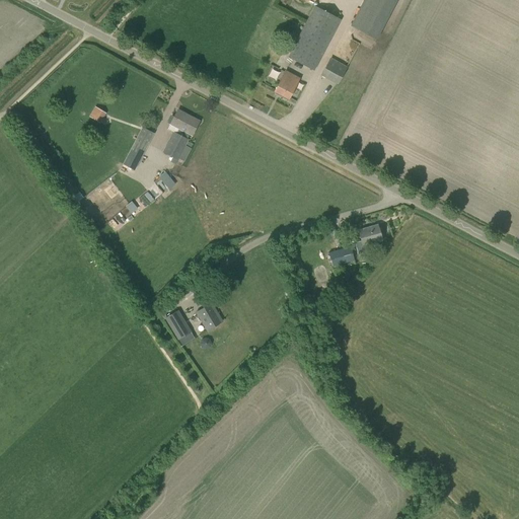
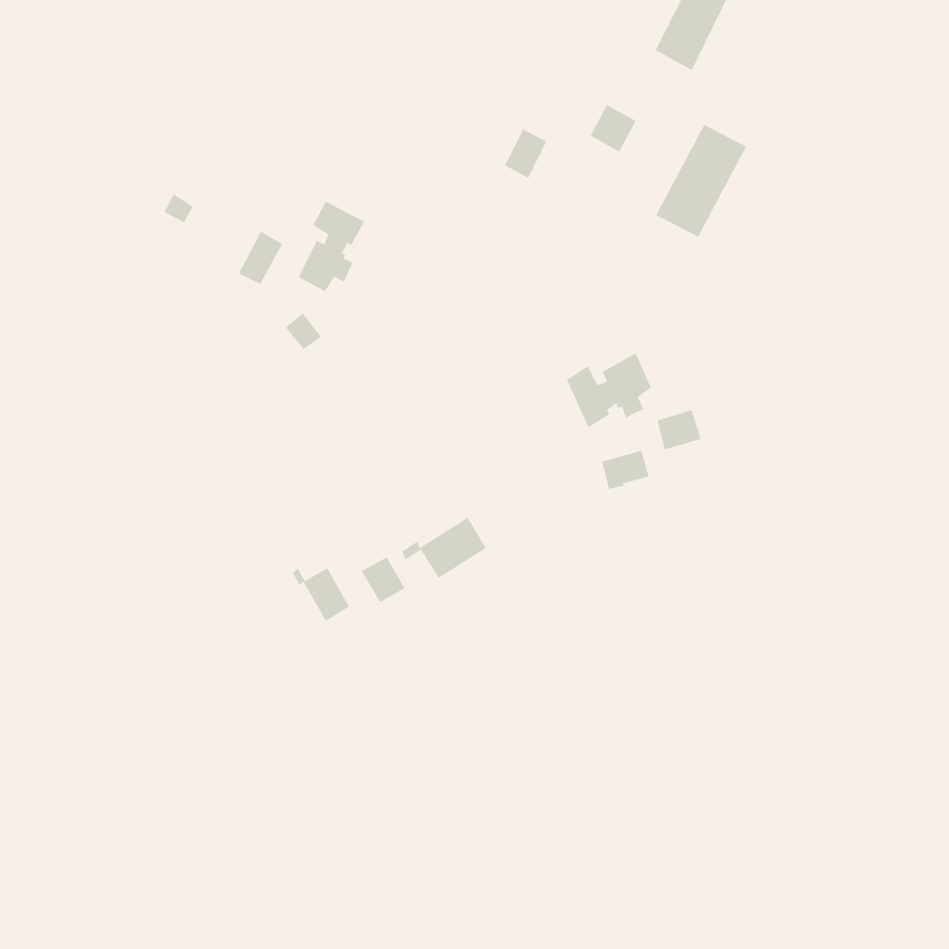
building: [290,6,340,68] -> [656,124,747,238]
building: none -> [566,353,652,428]
building: none -> [402,517,486,579]

